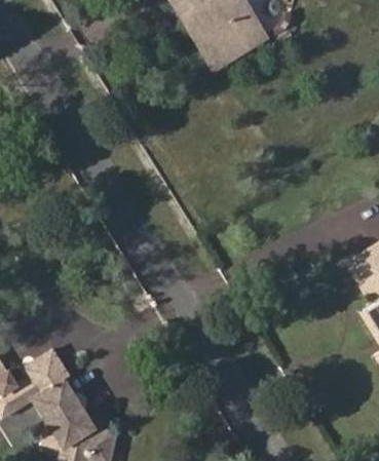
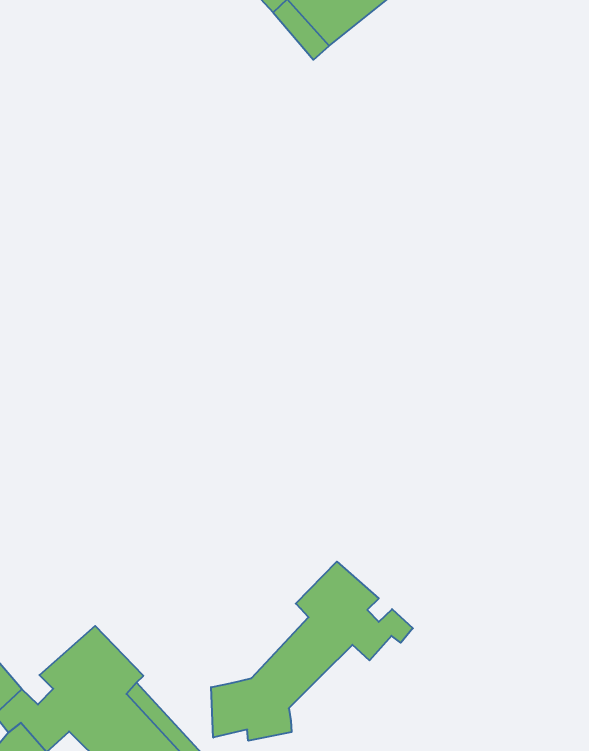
building: none -> [211,562,413,741]

